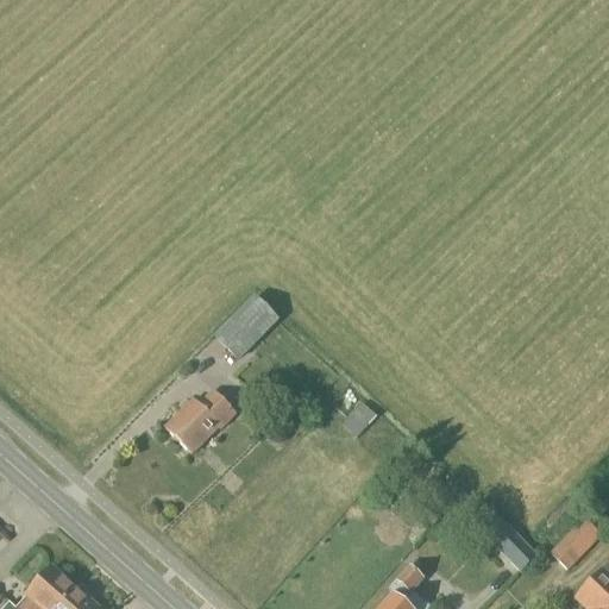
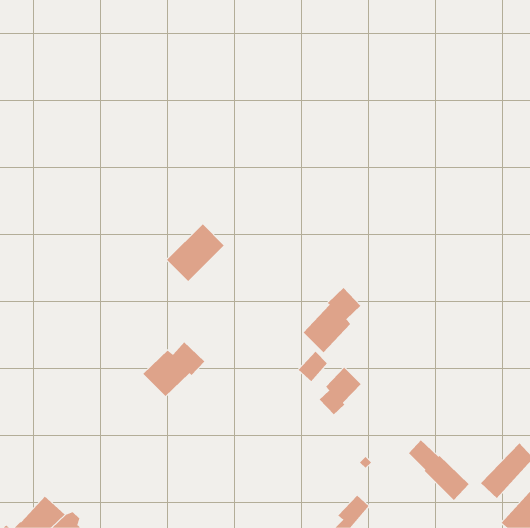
building: [214,294,281,360] -> [166,224,225,282]
building: none -> [303,287,361,353]
building: none -> [319,367,362,415]

